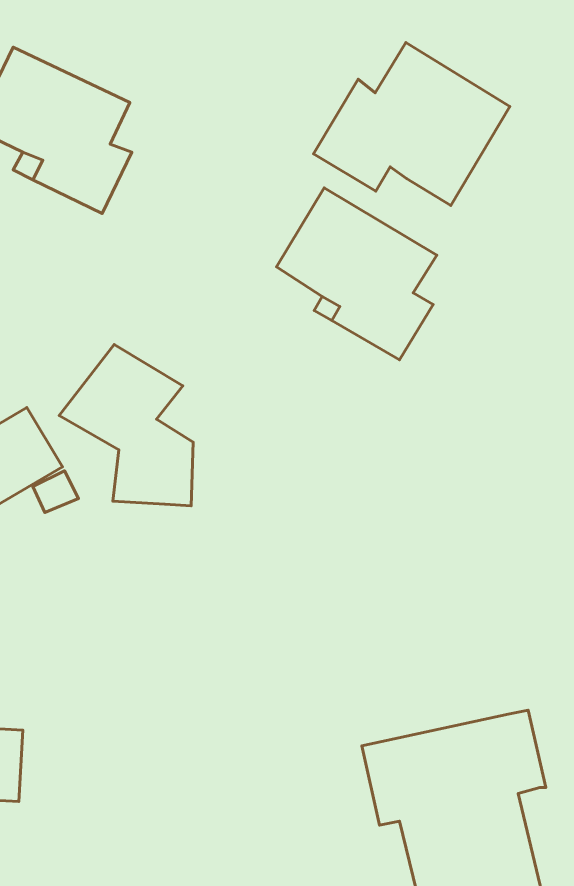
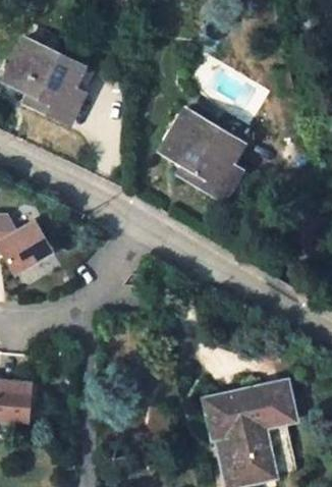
building: [313,43,510,205] -> none
building: [59,345,193,506] -> none

